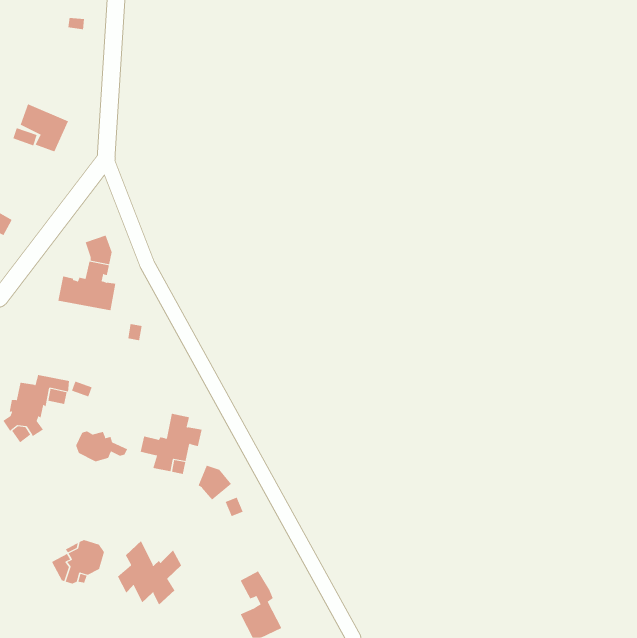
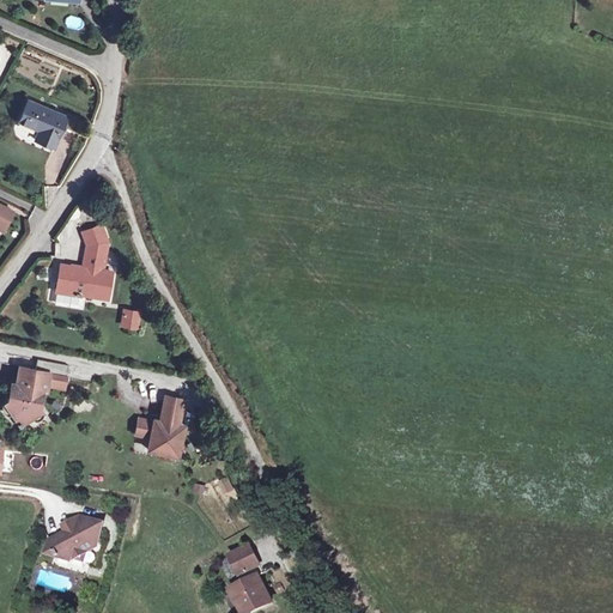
building: [76,431,128,462] -> none
building: [198,465,232,500] -> none
building: [117,540,182,605] -> none

